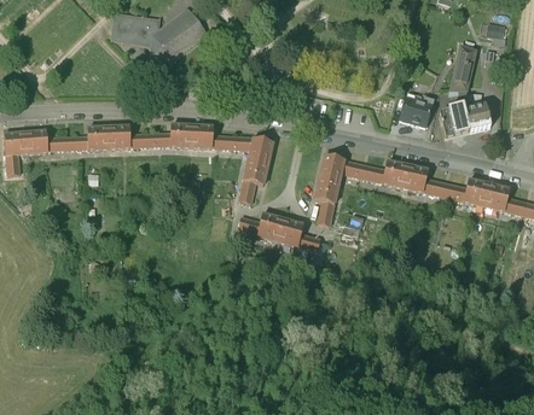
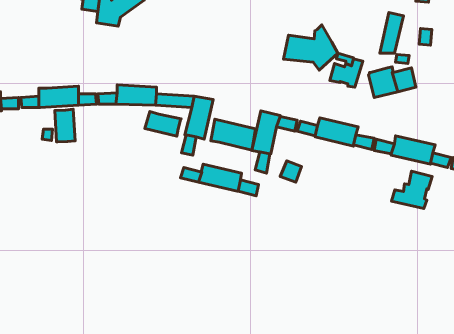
building: none -> [284,25,338,70]
building: none -> [55,109,75,142]
building: none -> [145,112,181,136]
building: none -> [211,119,256,150]
building: none -> [392,171,432,209]

